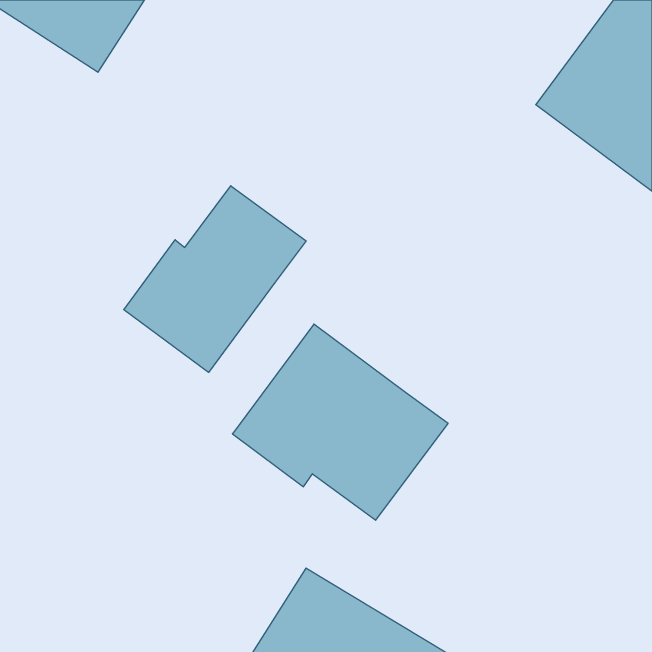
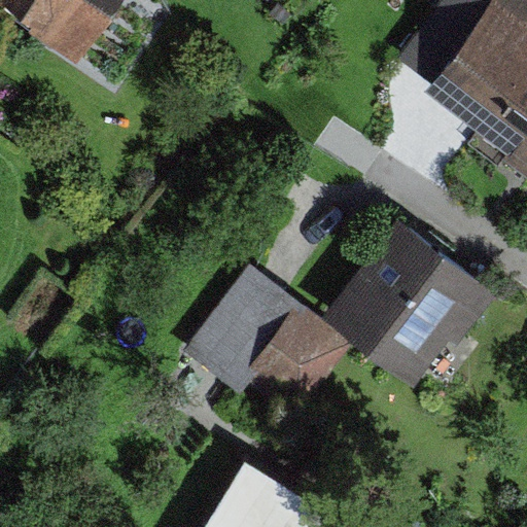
building: [124,186,306,372] -> none
building: none -> [323,219,497,387]

